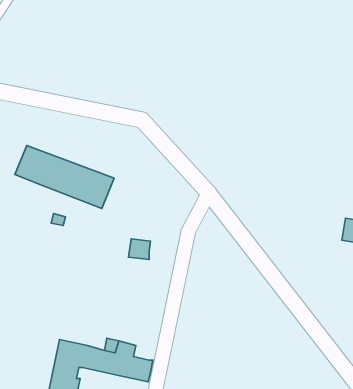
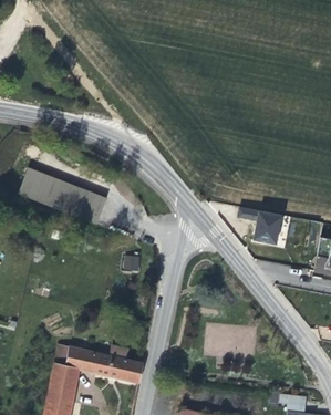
building: none -> [237,207,281,245]

